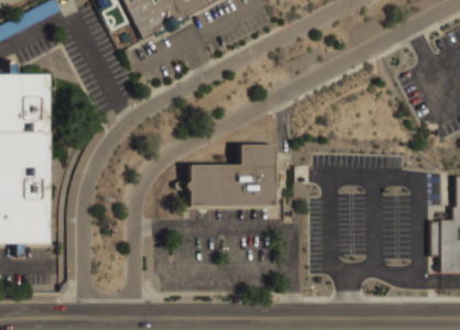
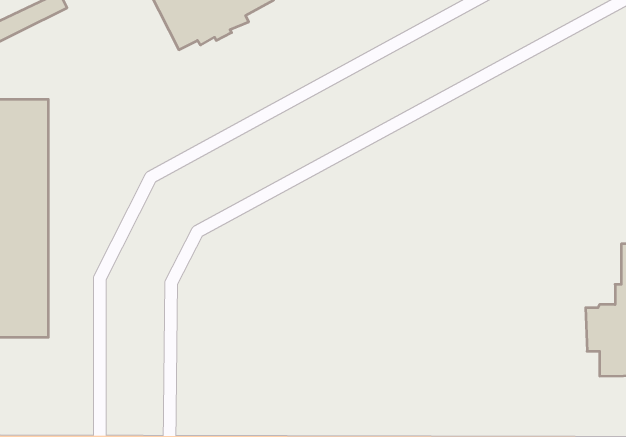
building: [188,144,275,207] -> none

